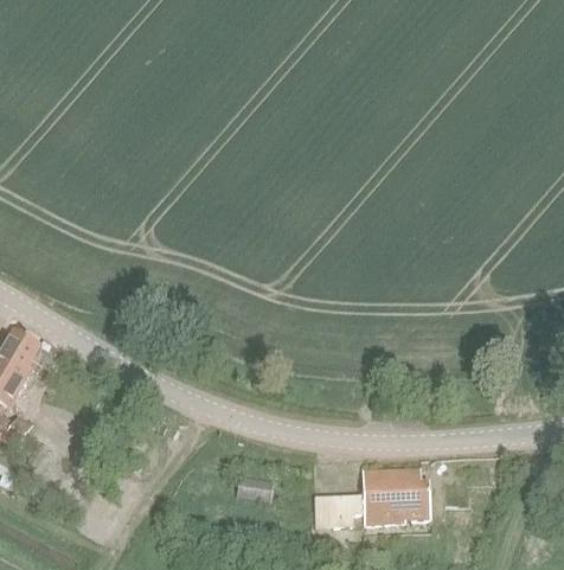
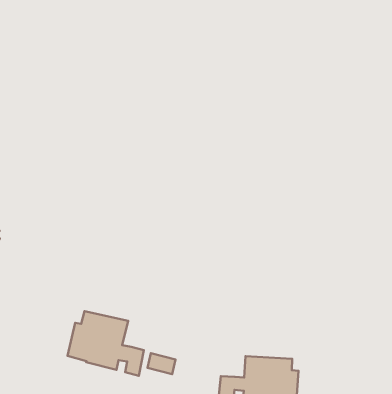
building: none -> [68,311,144,376]

